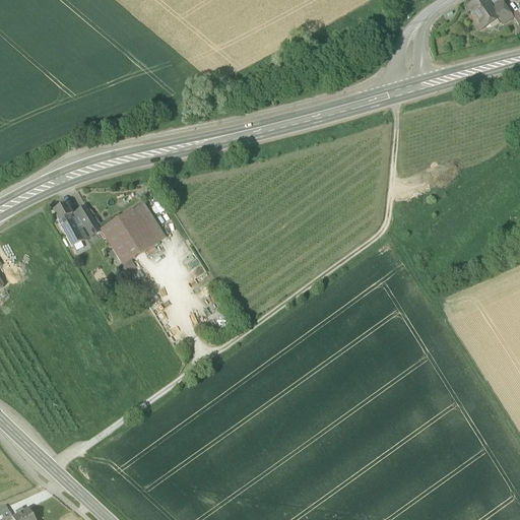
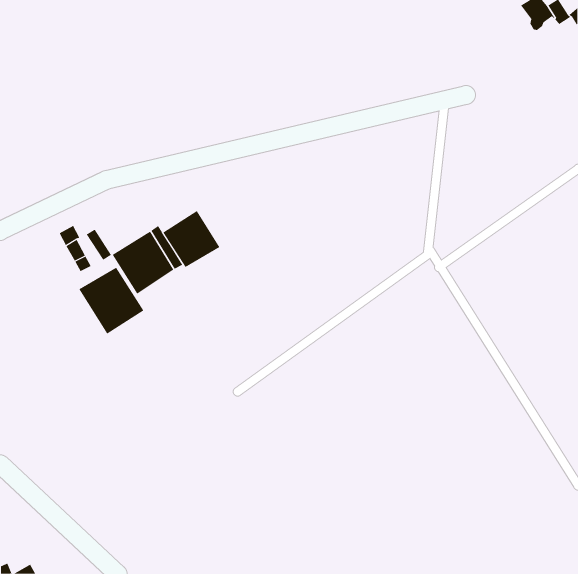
building: none -> [163,210,220,268]
building: none -> [79,267,144,334]

